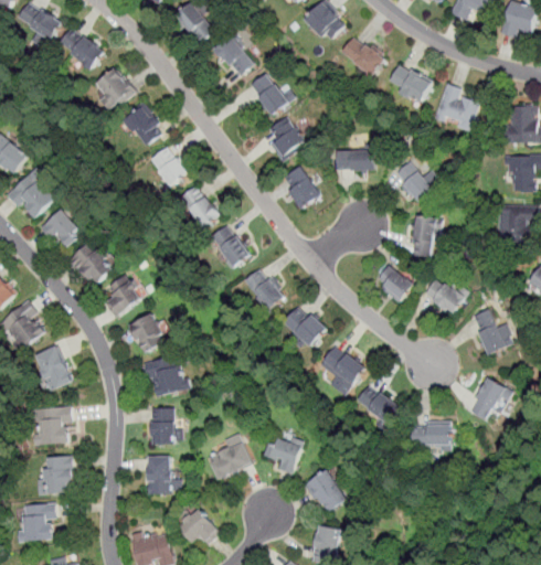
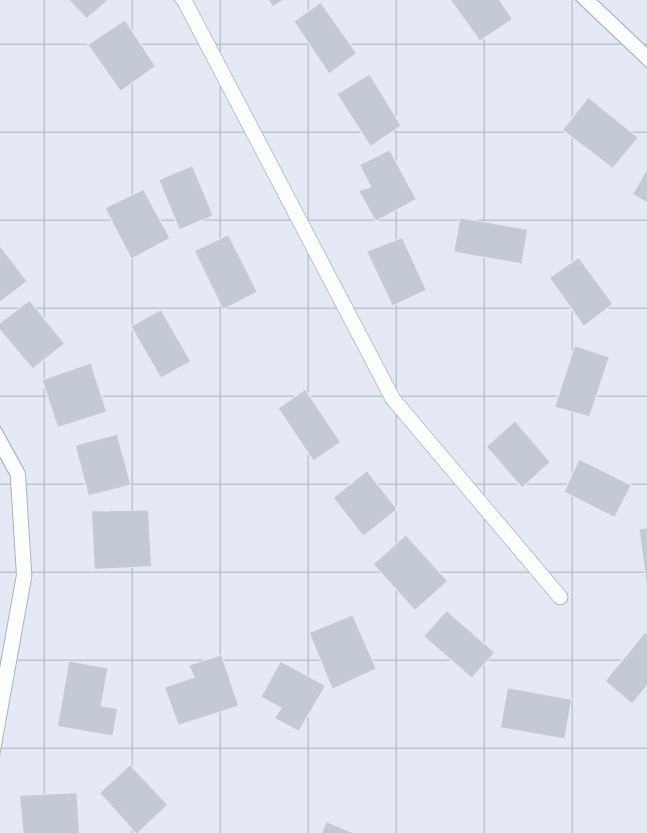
building: [340,35,384,76] -> none
building: [123,104,165,147] -> [105,189,170,259]
building: [211,225,251,266] -> [131,310,191,378]
building: [150,405,174,443] -> none
building: [304,466,348,512] -> [309,615,377,689]

